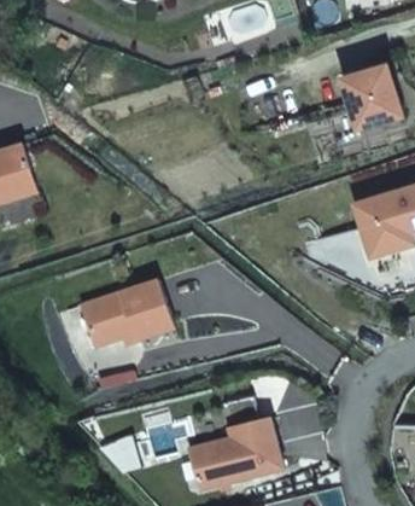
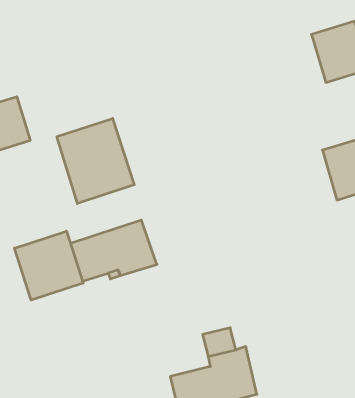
building: none -> [57,118,134,204]
building: none -> [14,231,83,300]

